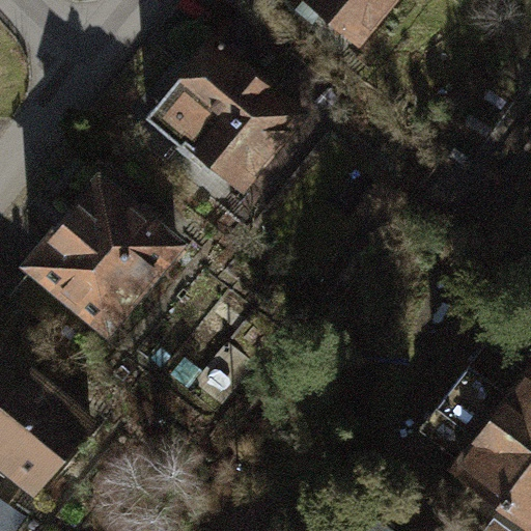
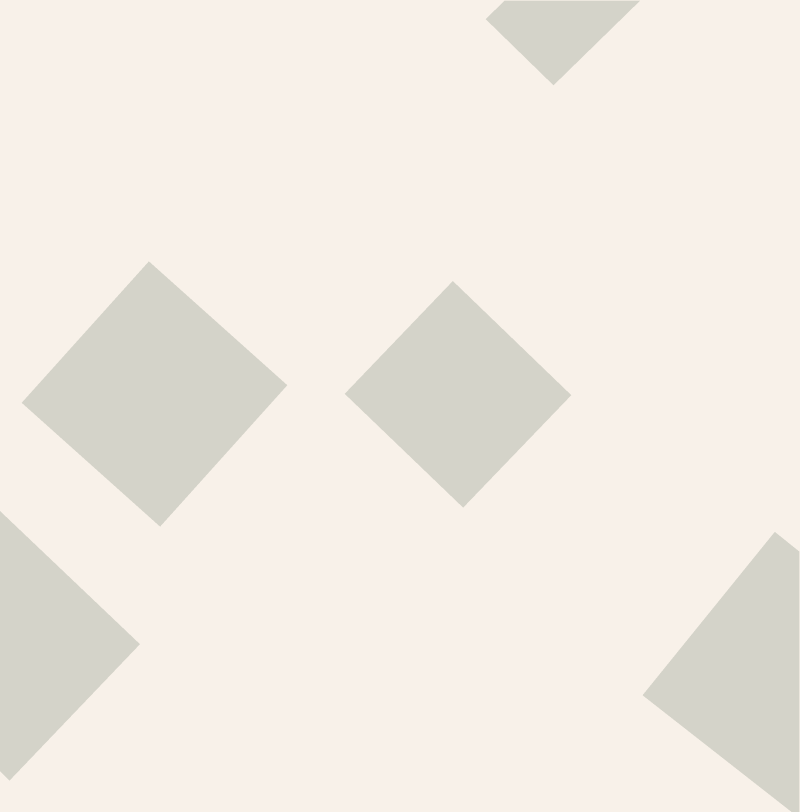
building: [148,36,310,198] -> none
building: none -> [344,280,572,509]

